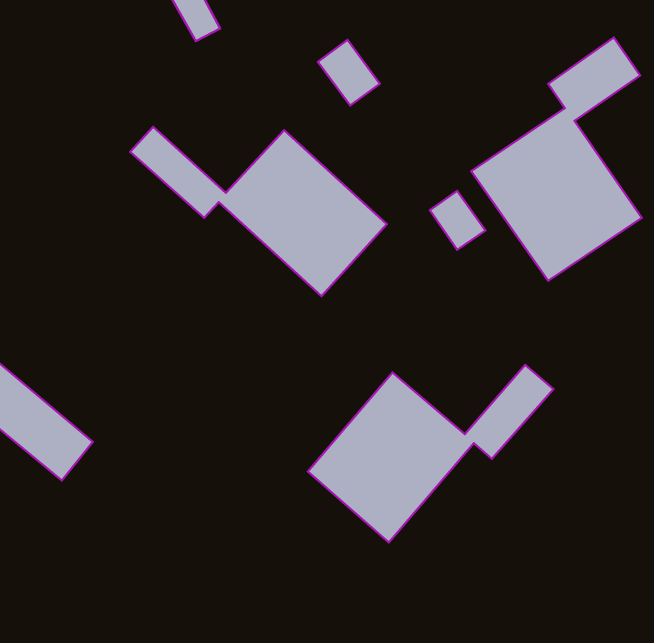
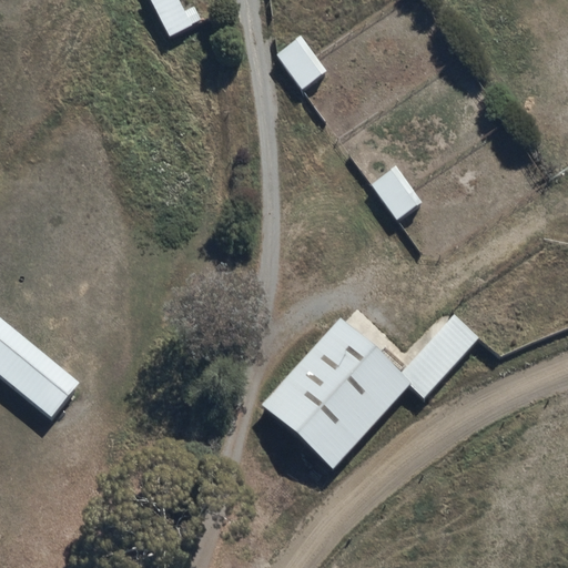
building: [471,37,642,281] -> none
building: [130,127,387,296] -> none

